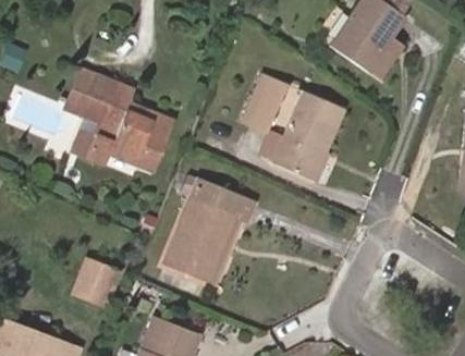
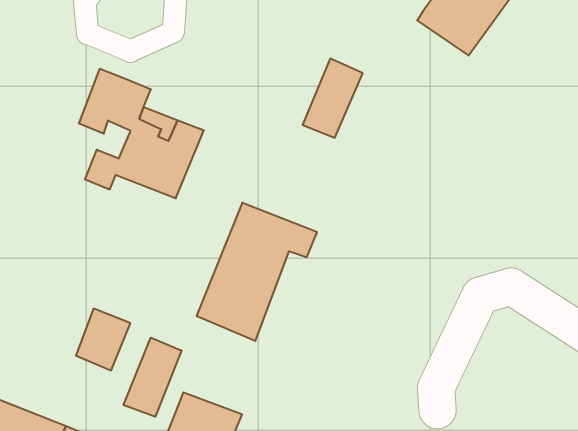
building: [271,88,342,176] -> none
building: none -> [124,338,182,417]

